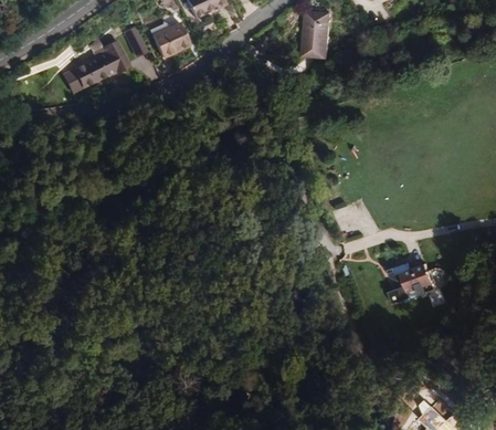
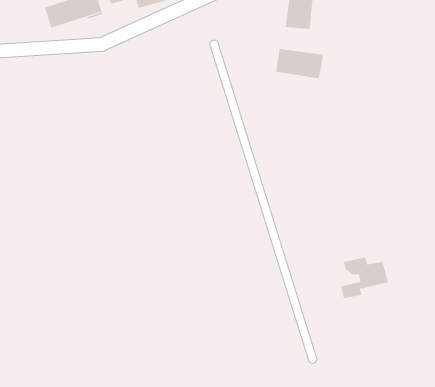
building: none -> [276,48,324,79]

